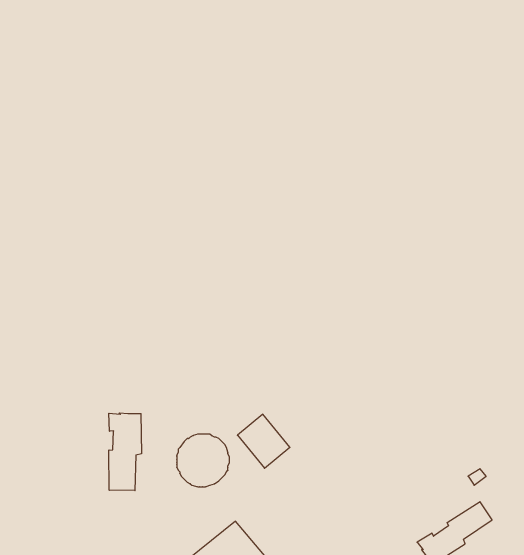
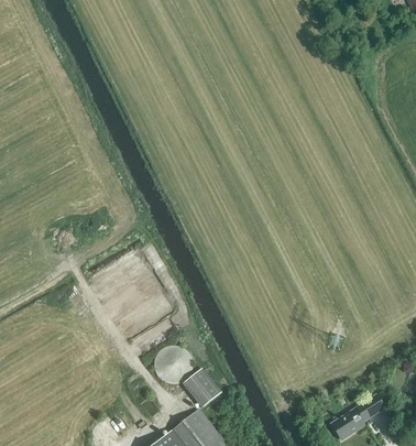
building: [109,413,141,491] -> none
building: [237,414,290,468] -> [183,369,221,409]

